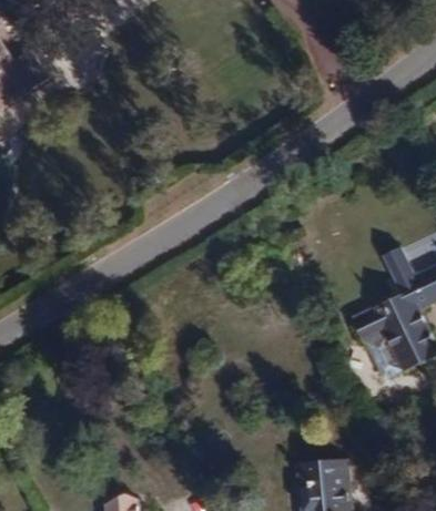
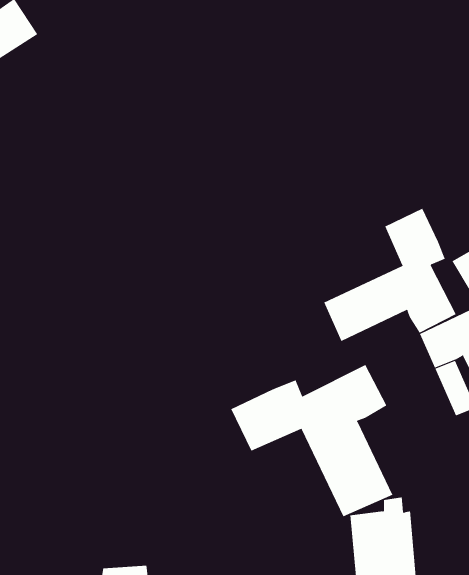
building: none -> [324,208,456,342]
building: none -> [230,364,393,517]

